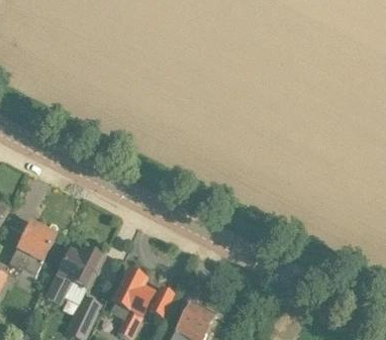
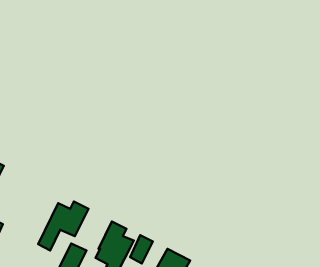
building: [9,221,57,275] -> none

